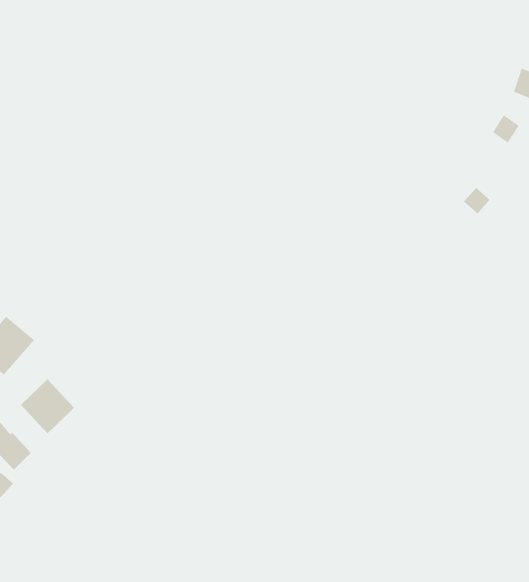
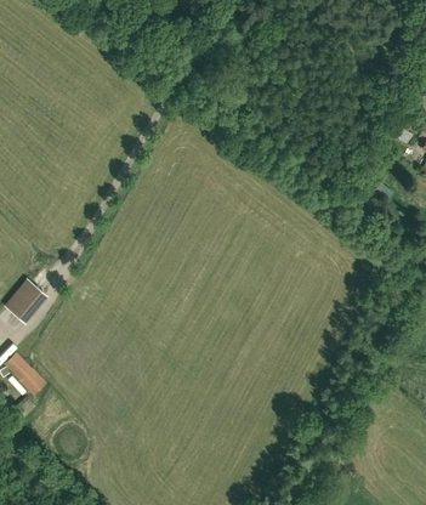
building: [20,379,75,434] -> none

